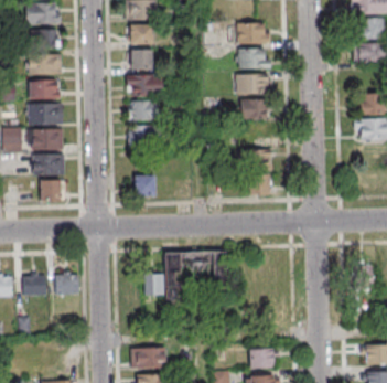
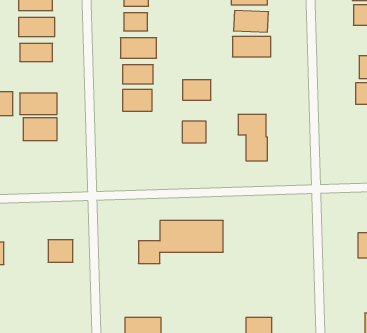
building: [239,99,267,119] -> [183,80,211,100]
building: [28,104,62,125] -> none
building: [132,175,155,196] -> [182,121,206,143]
building: [39,180,64,201] -> none
building: [21,274,46,295] -> none

